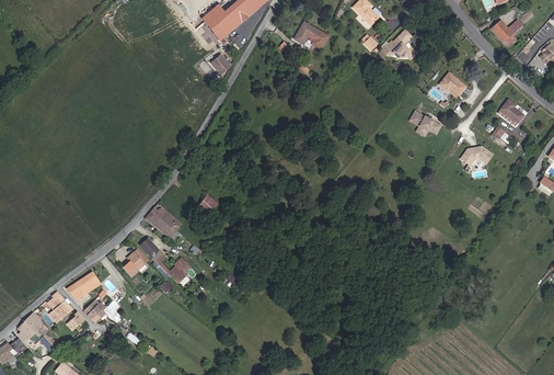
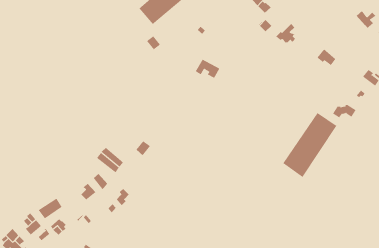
building: [295,22,328,48] -> [195,59,220,78]
building: [409,110,442,136] -> none
building: none -> [283,112,337,178]

